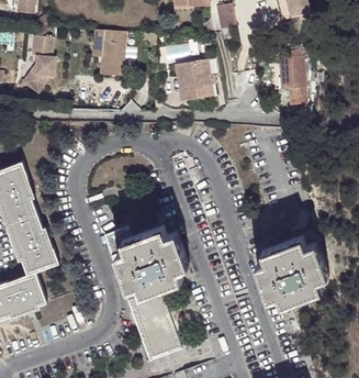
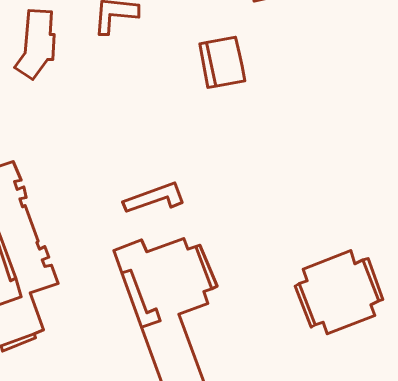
building: [99,40,125,76] -> none
building: [278,49,304,104] -> none
building: none -> [122,183,182,211]

